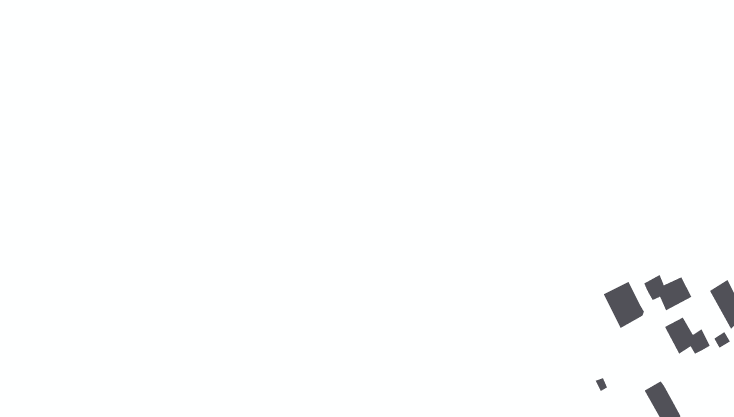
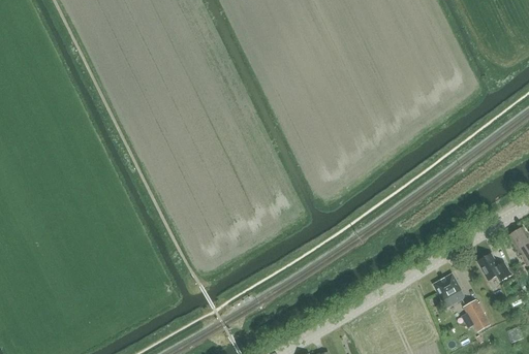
building: [643,274,692,311] -> none
building: [603,281,645,329] -> [434,273,464,308]

